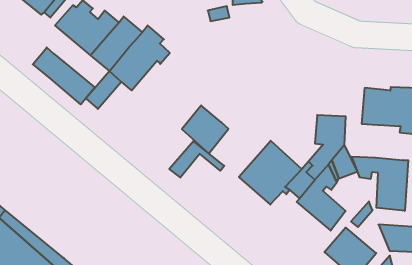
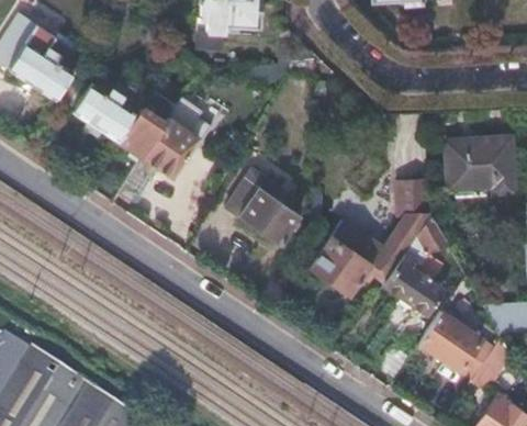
building: [33,47,95,104] -> none
building: [169,141,224,178] -> [222,173,287,218]
building: [352,157,408,211] -> none

